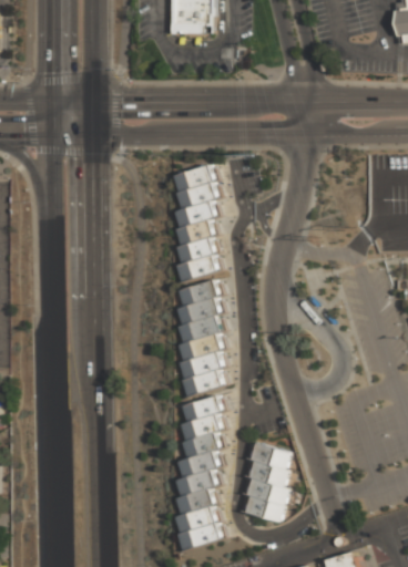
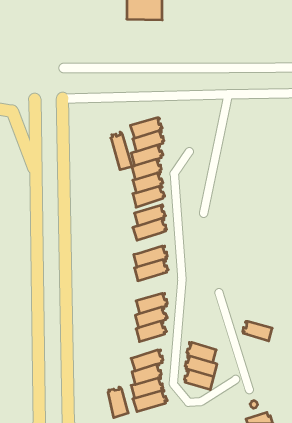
building: none -> [111,132,132,170]
building: [178,316,223,343] -> none
building: [182,369,224,396] -> none
building: [249,443,288,468] -> [243,321,272,341]
building: [177,451,220,478] -> none
building: none -> [108,387,128,418]

